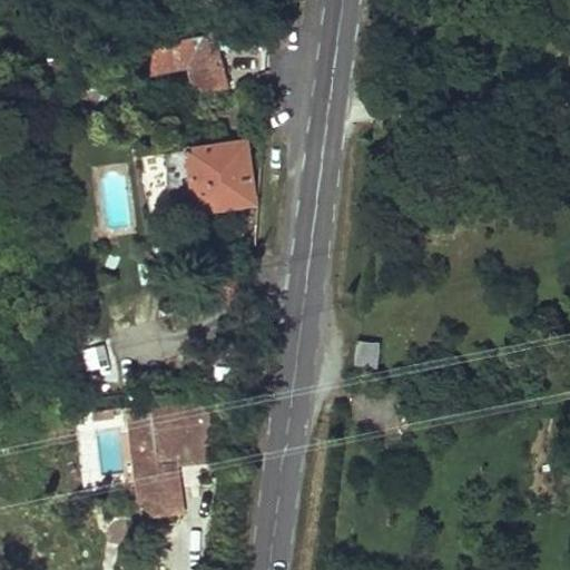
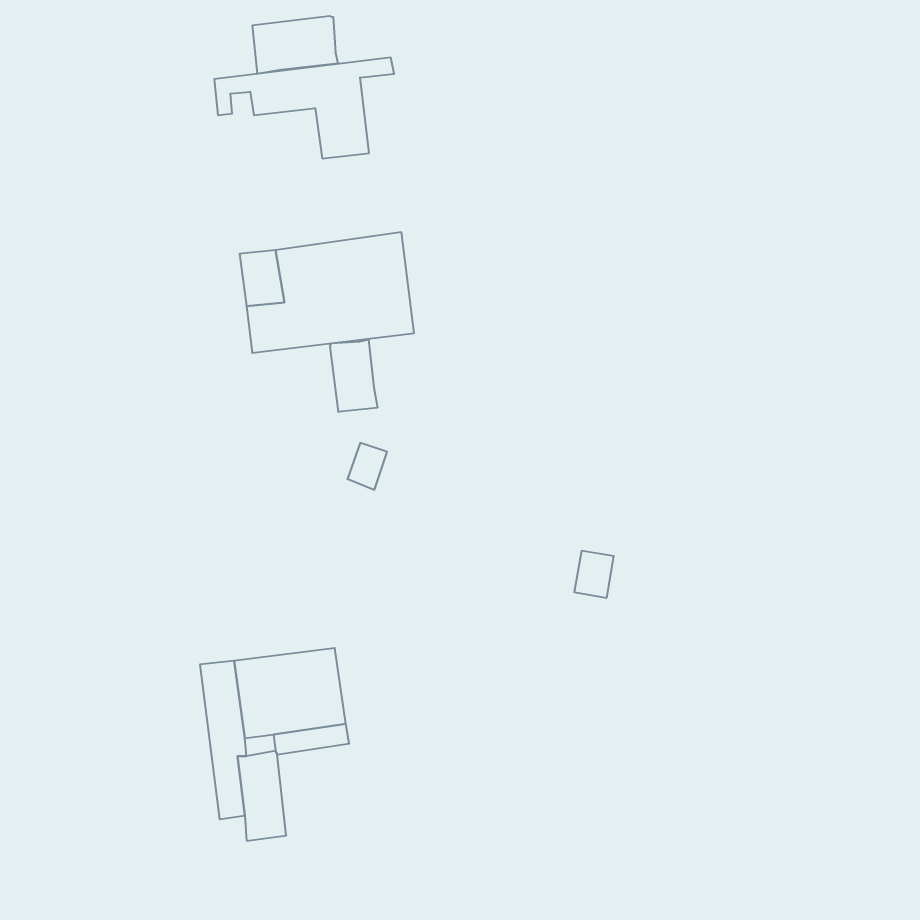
building: none -> [253,16,338,74]
building: none -> [330,340,377,412]

